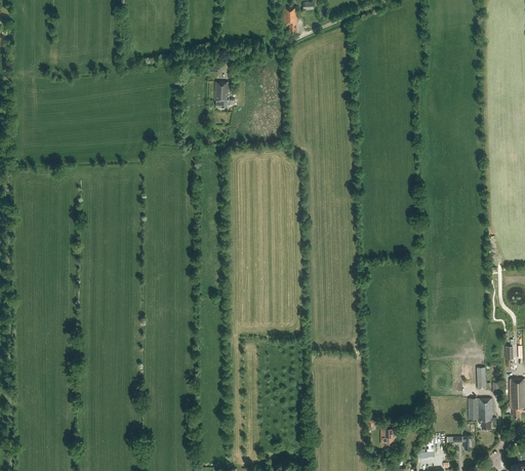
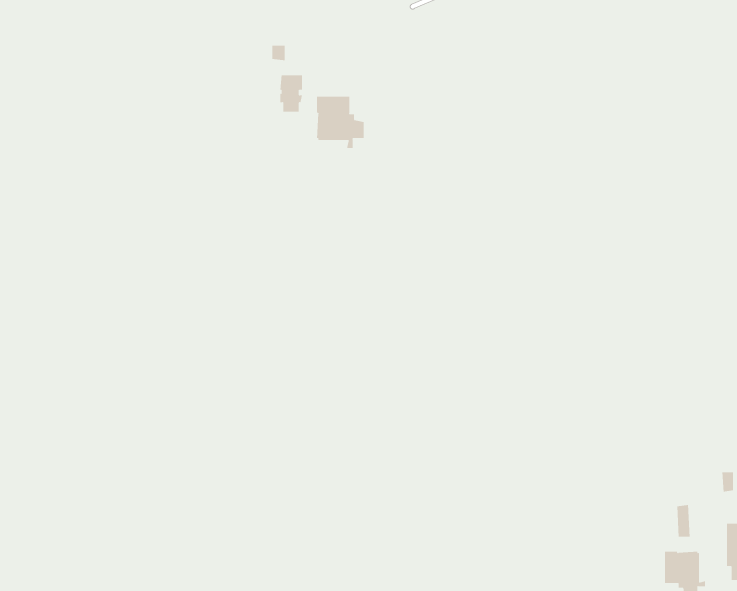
building: none -> [316,96,364,149]

